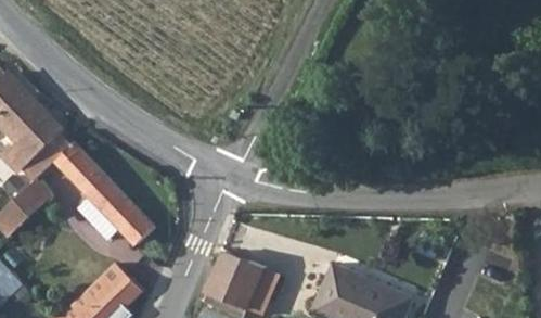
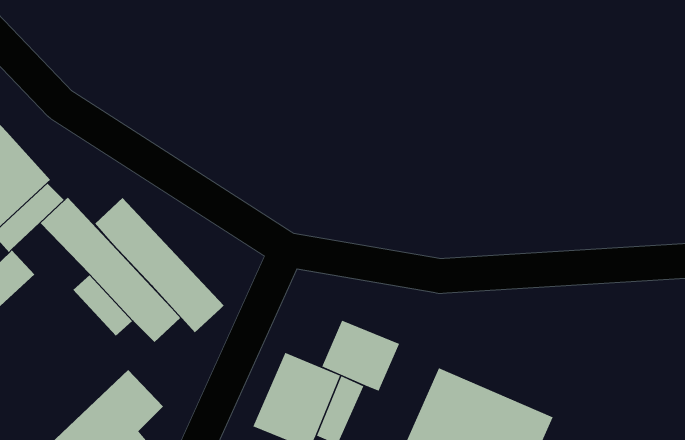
building: none -> [94,197,225,333]
building: none -> [322,320,400,392]

